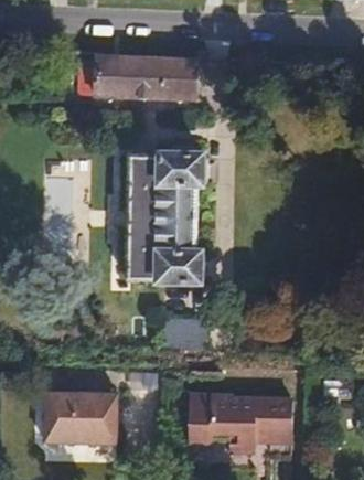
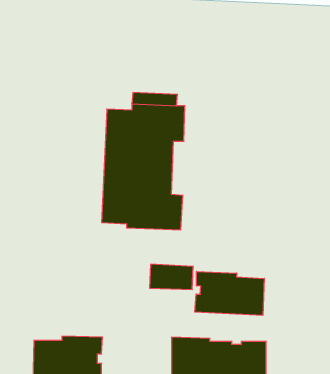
building: [97,56,194,92] -> none
building: none -> [195,271,264,315]

